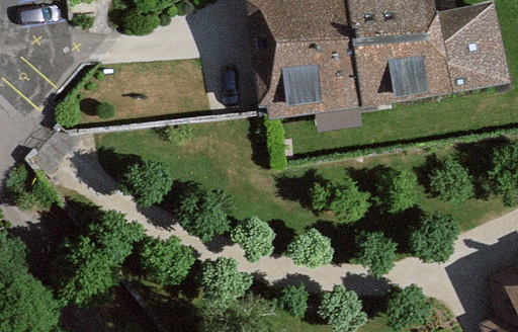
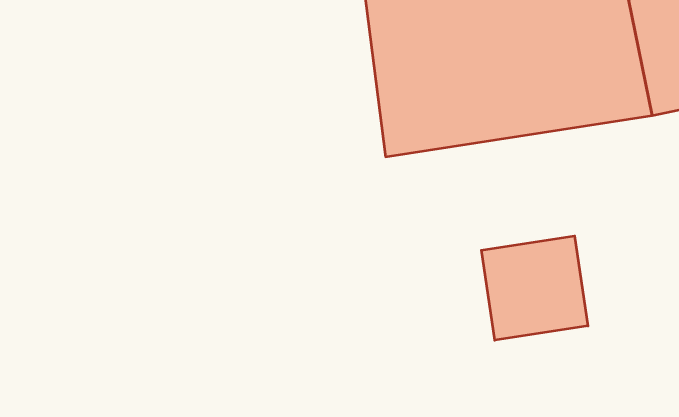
building: none -> [481,236,588,340]

